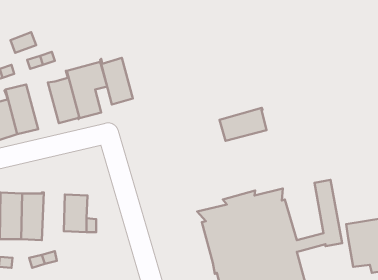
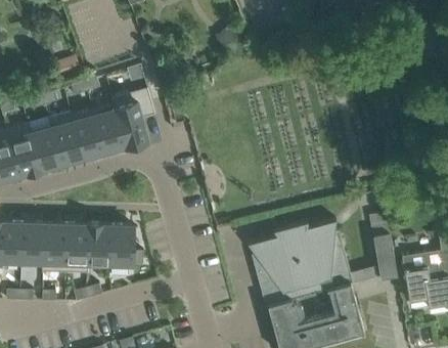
building: [100,58,133,105] -> [71,111,104,159]
building: [219,108,266,141] -> none
building: none -> [87,224,110,273]

